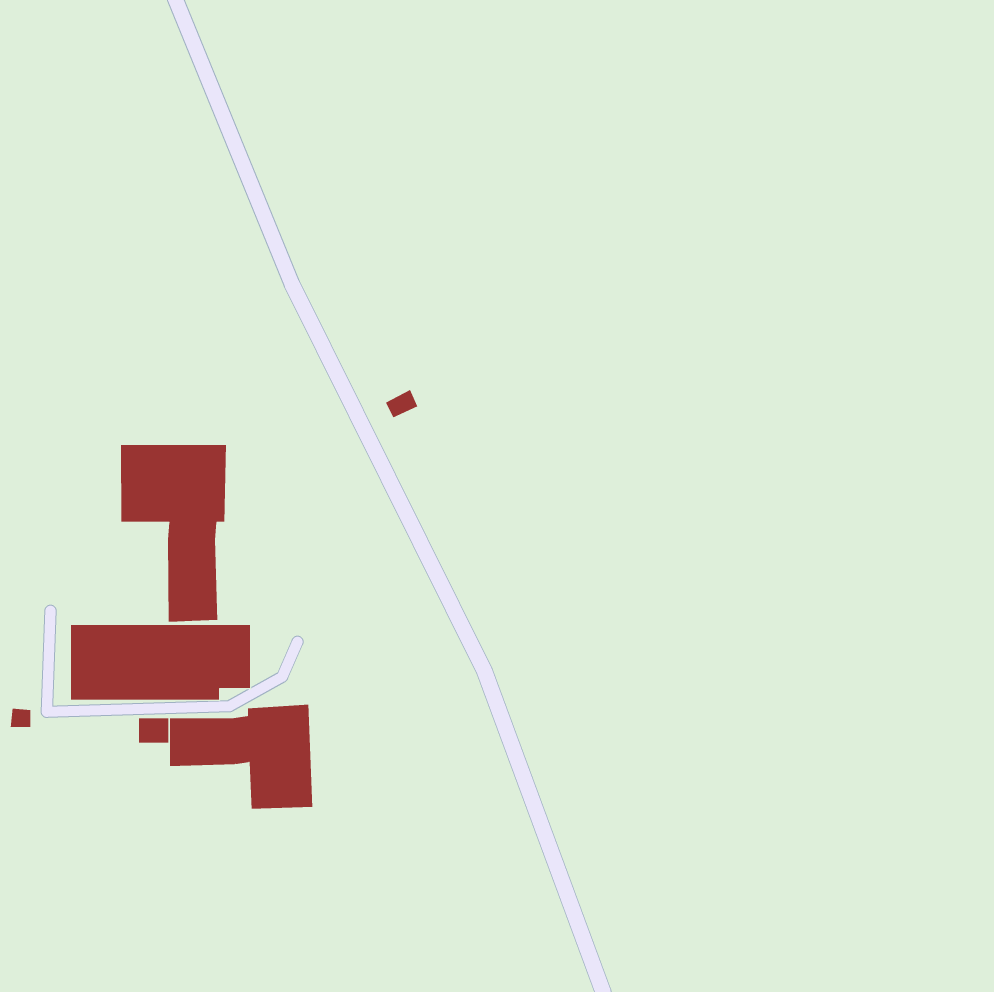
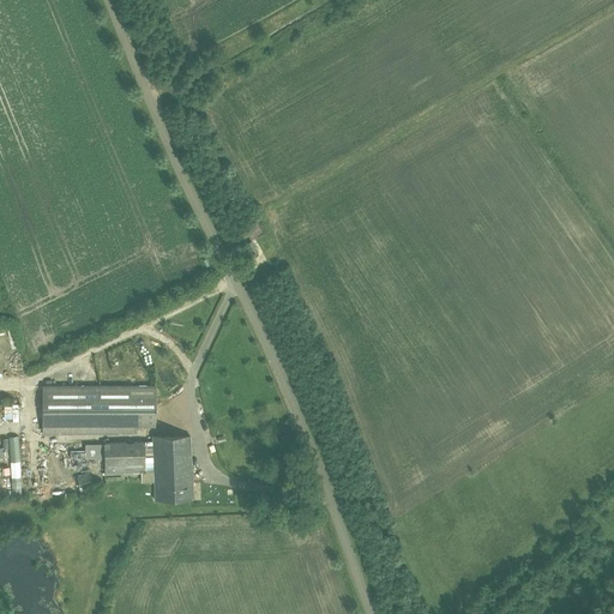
building: [120,444,227,623] -> none

